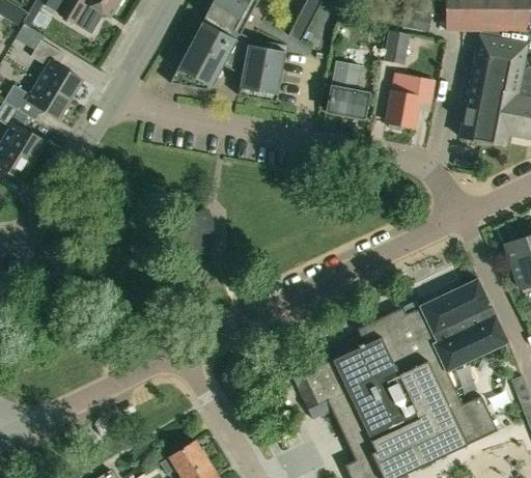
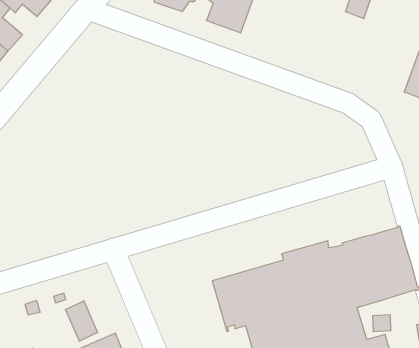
building: [328,62,369,118] -> none
building: [387,75,436,130] -> none
building: none -> [66,301,98,341]

